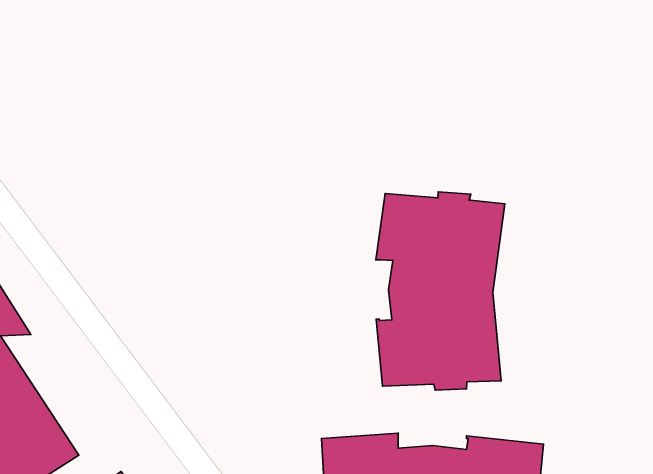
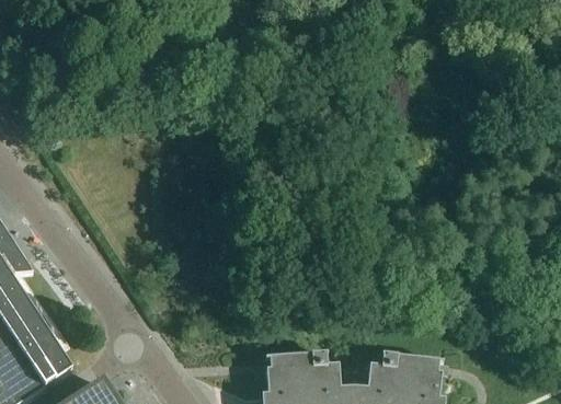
building: [376,192,505,390] -> none

